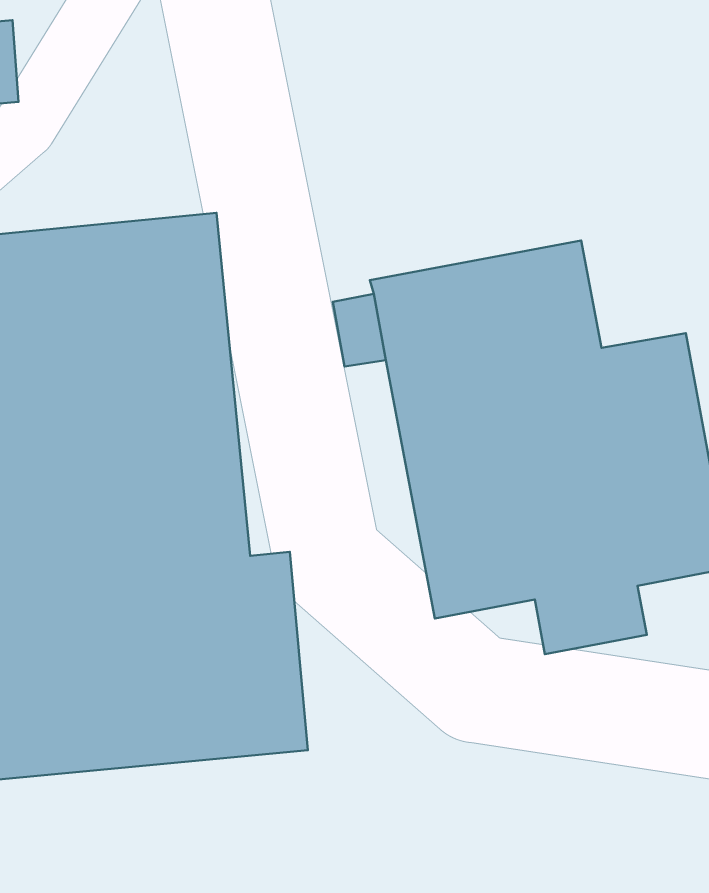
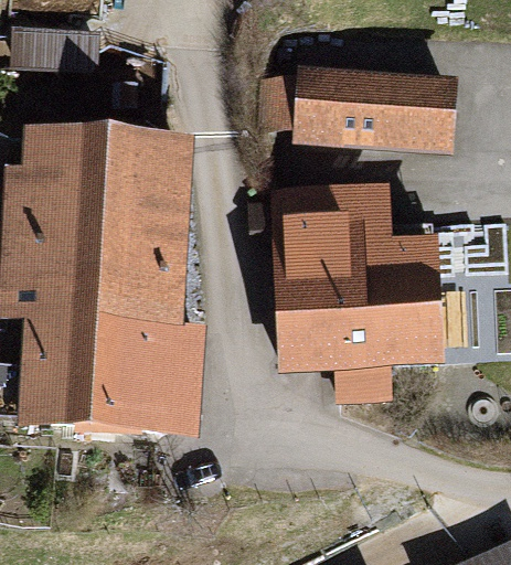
building: none -> [257,62,459,153]

